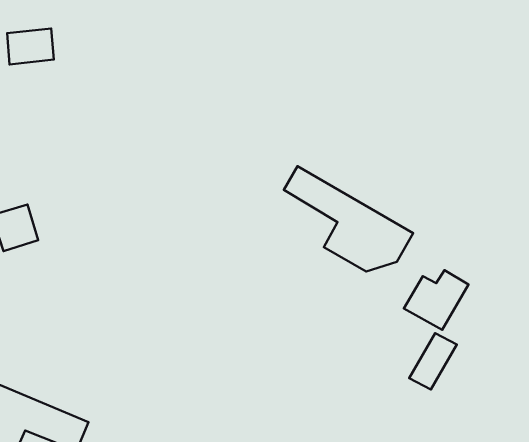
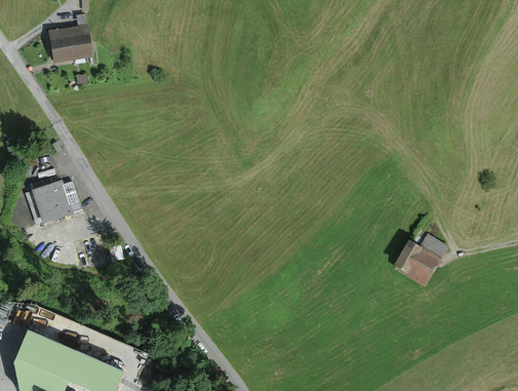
building: [284,166,413,271] -> none
building: [409,333,457,389] -> none

